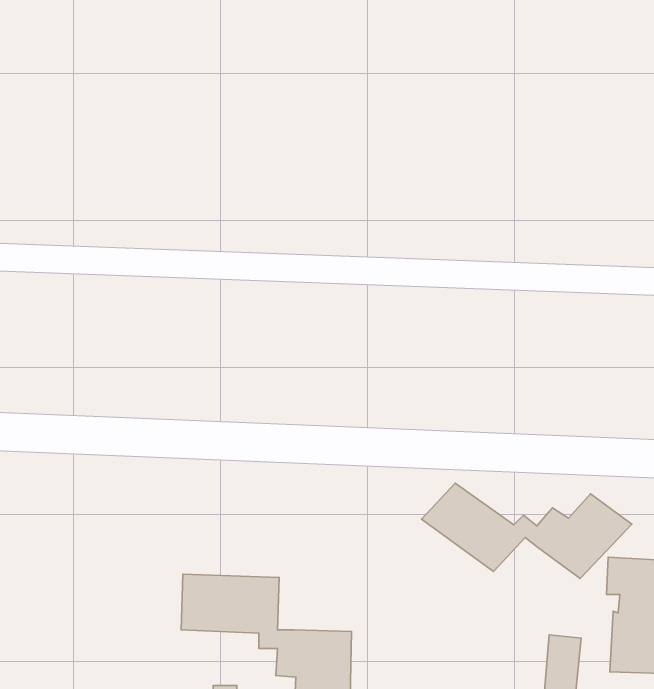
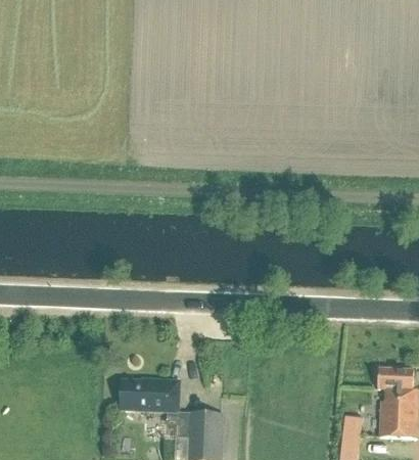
building: [422,483,632,579] -> none

